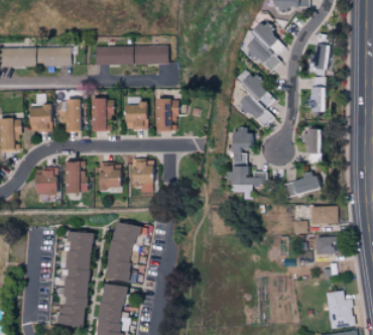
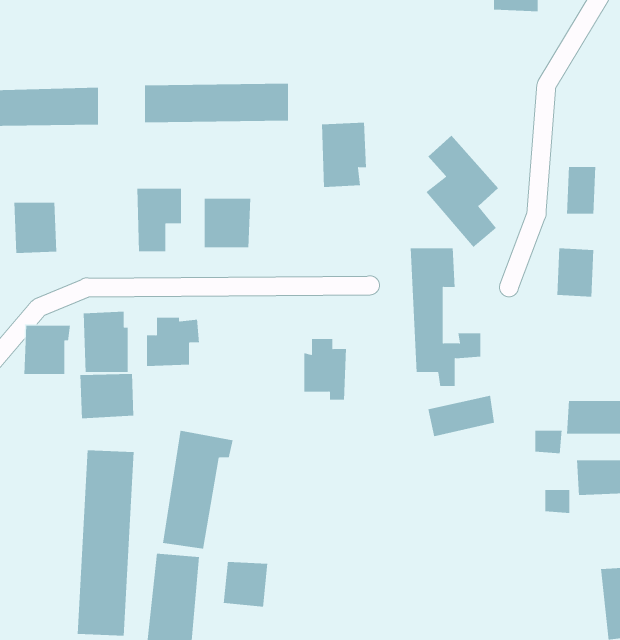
building: [245,18,285,66] -> none
building: [313,44,334,70] -> none
building: [156,98,179,131] -> [321,122,367,188]
building: [60,99,81,131] -> none
building: [130,159,152,191] -> [303,339,347,400]
building: [284,175,319,196] -> [427,395,495,437]
building: none -> [80,373,134,419]
building: none -> [223,561,268,607]

